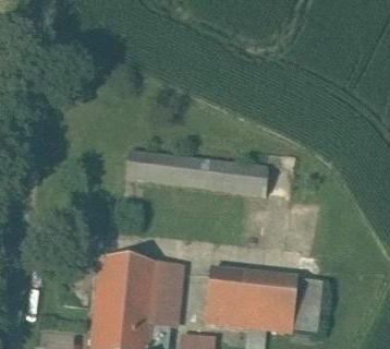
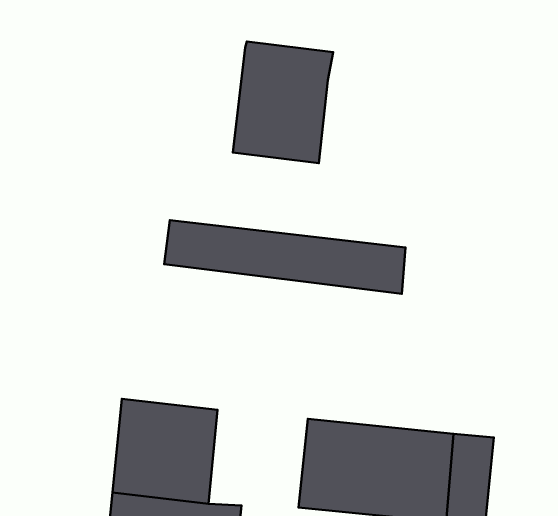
building: none -> [233,41,333,163]
building: [151,262,180,320] -> none

